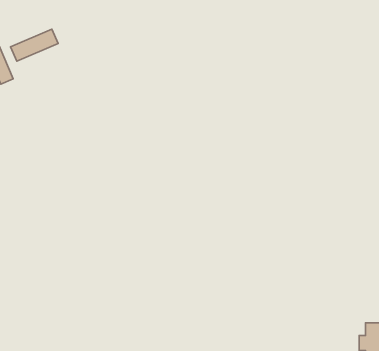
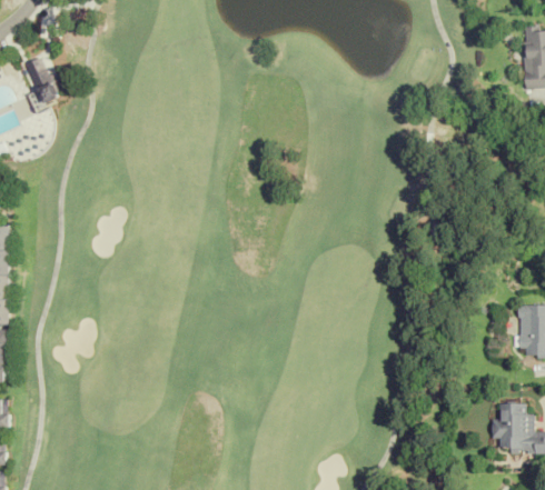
building: [11,29,58,61] -> none

